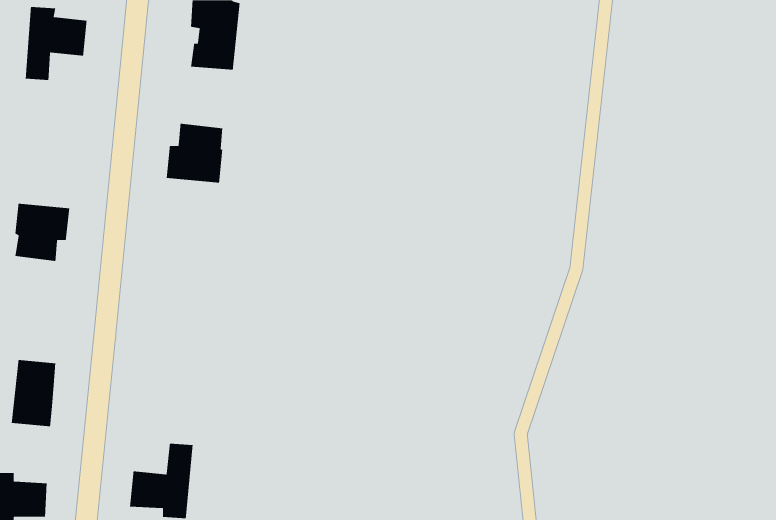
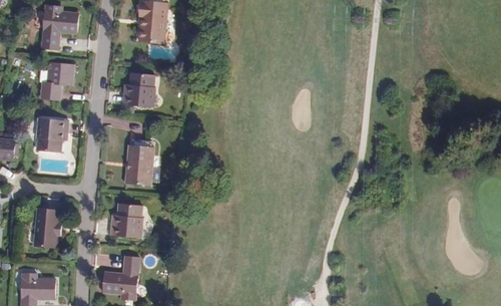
building: none -> [41,61,74,98]
building: none -> [124,139,153,185]
building: none -> [110,204,143,237]

